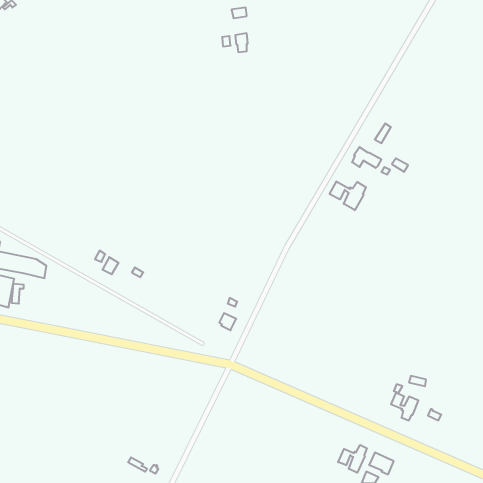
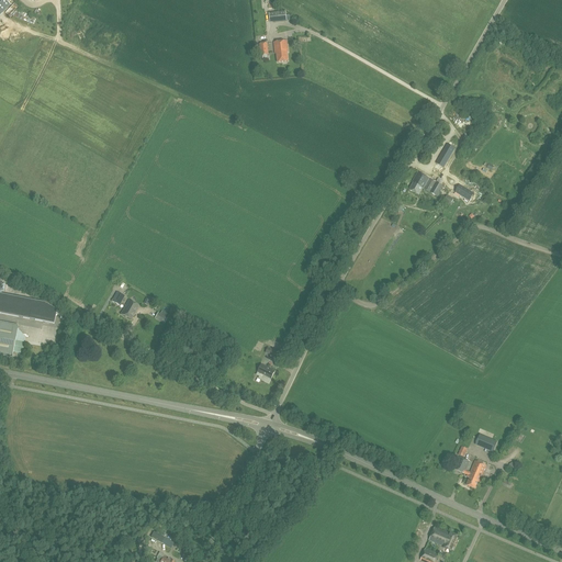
building: [330,181,366,210] -> none
building: [338,445,367,473] -> none

